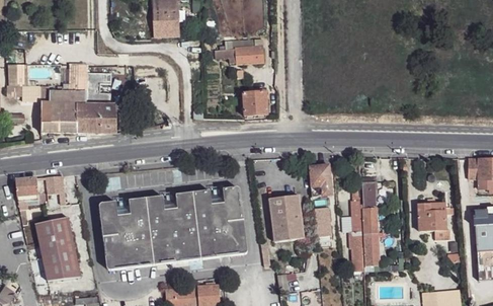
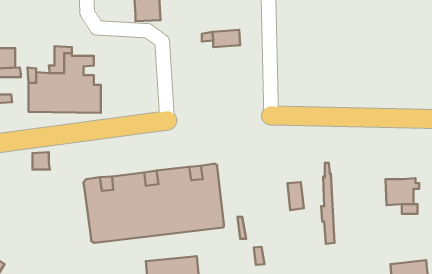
building: [242,91,267,116] -> none
building: [308,163,332,196] -> none
building: [15,175,38,195] -> none
building: [361,180,379,257] -> none
building: [269,195,304,241] -> none
building: [34,216,81,280] -> none

